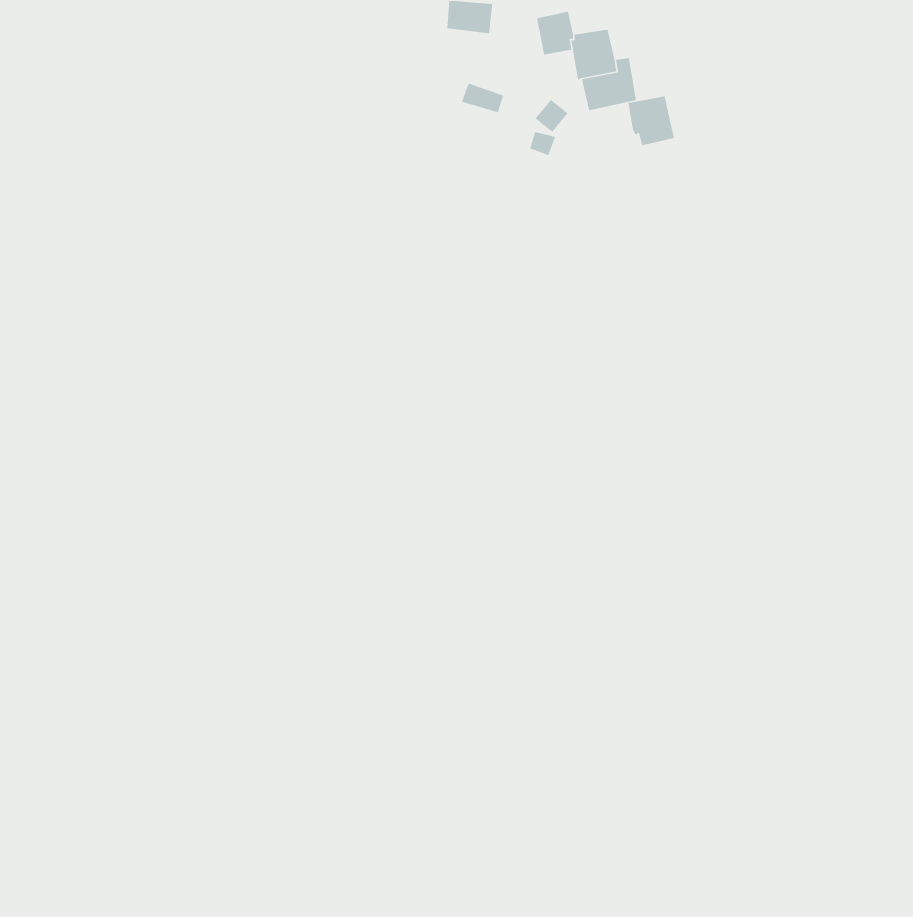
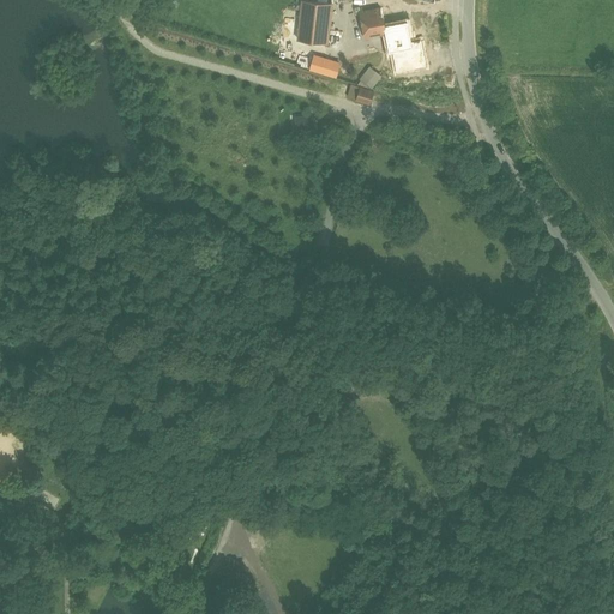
building: none -> [296,19,327,43]
building: [627,95,675,146] -> none

